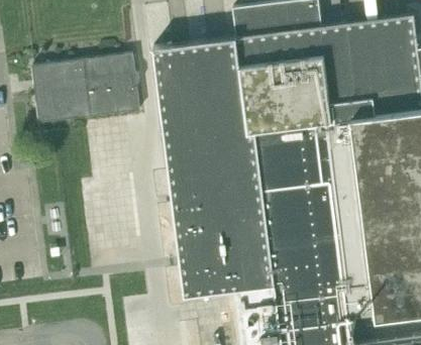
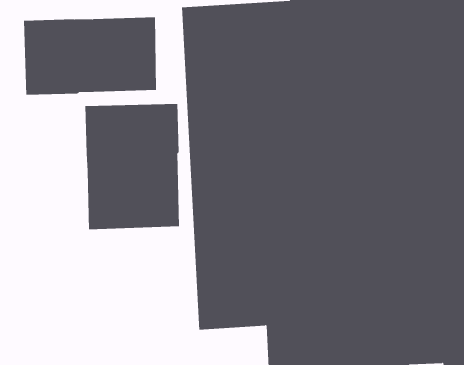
building: none -> [85,103,180,230]

